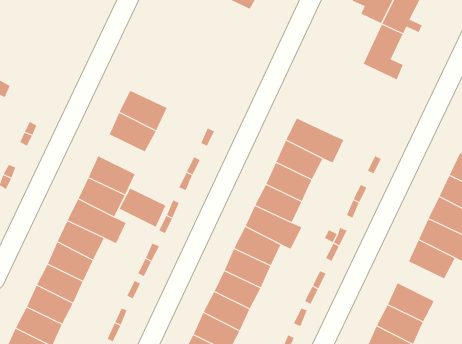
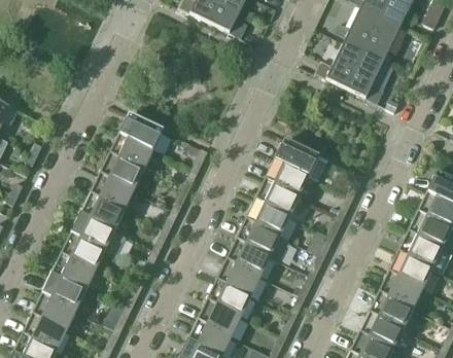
building: none -> [316,40,365,86]
building: [119,188,166,228] -> [101,152,145,189]
building: none -> [380,271,424,308]

